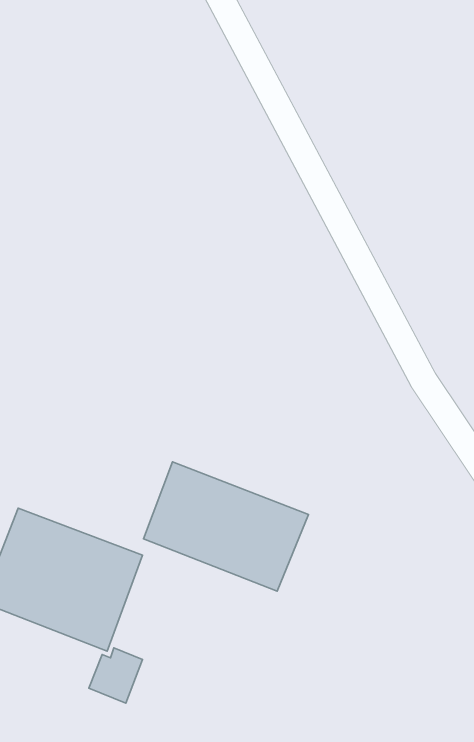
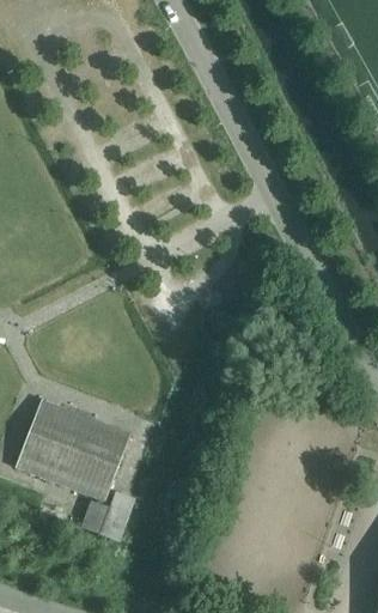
building: [144,462,309,591] -> none

